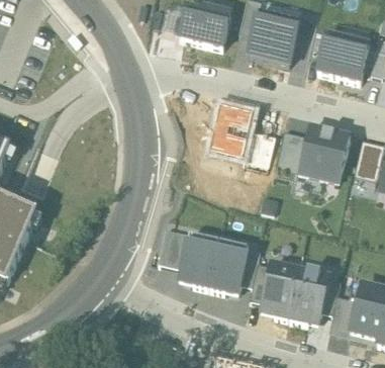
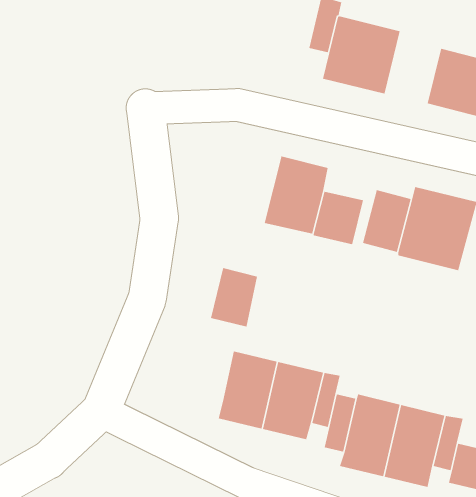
building: [179,8,230,49] -> none
building: [158,227,189,267] -> [210,267,258,327]

